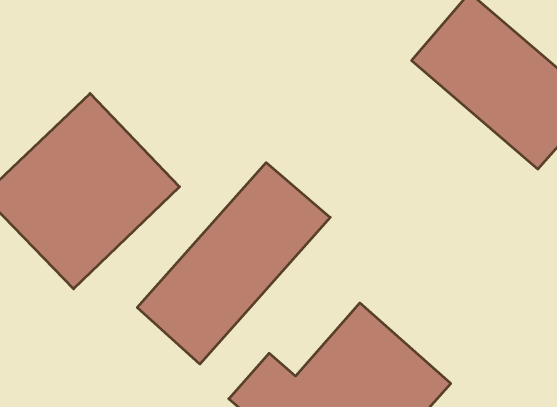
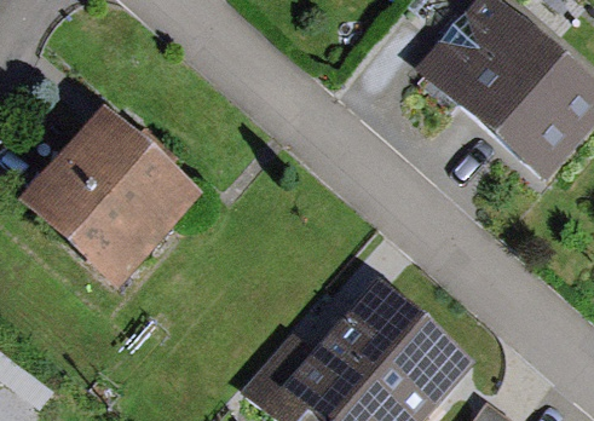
building: [137,163,330,364] -> none

